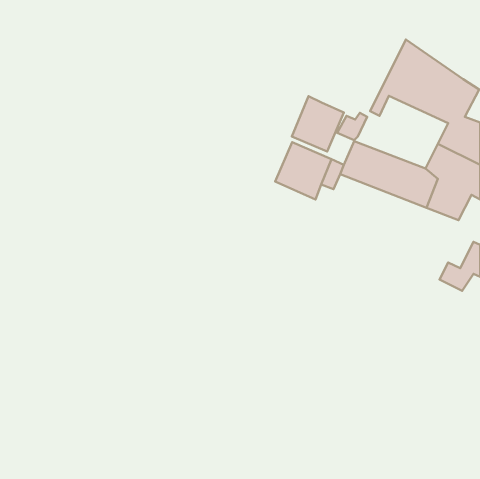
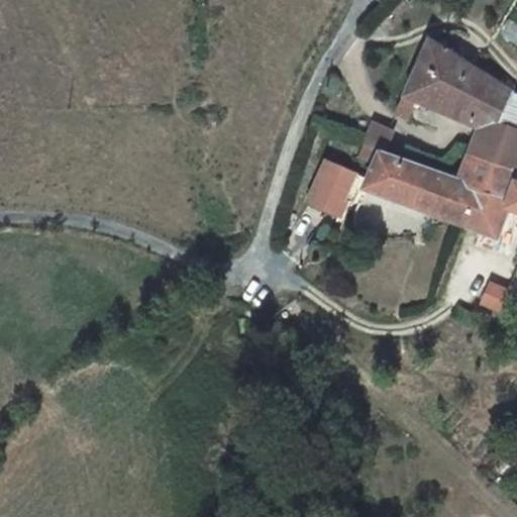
building: [292,96,344,151] -> none

